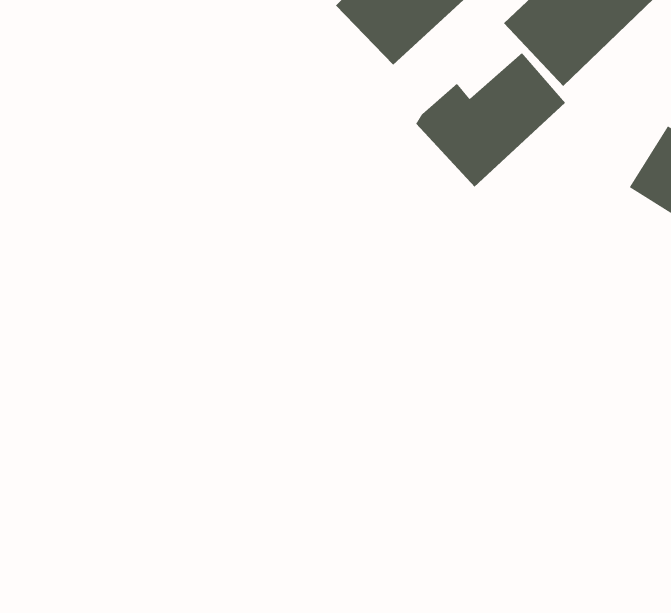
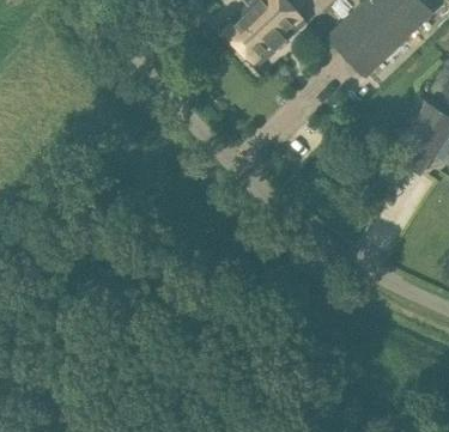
building: [415,52,566,188] -> none

